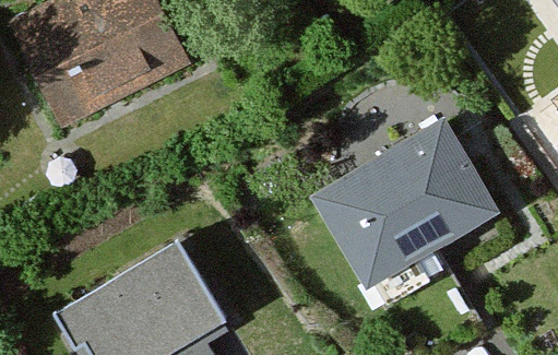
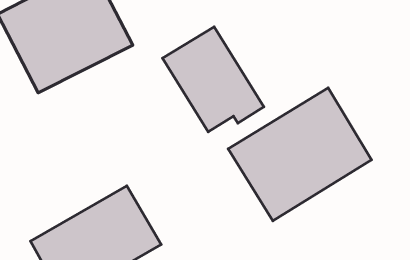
building: none -> [163,27,264,132]

